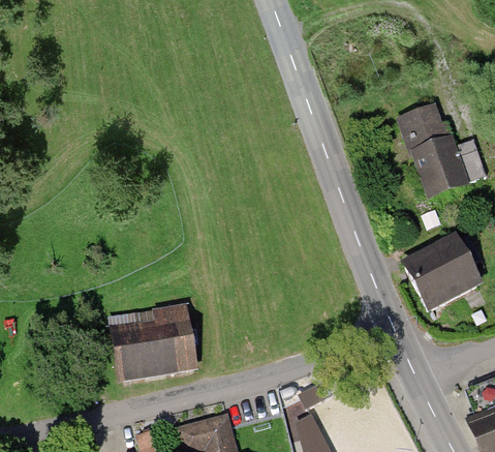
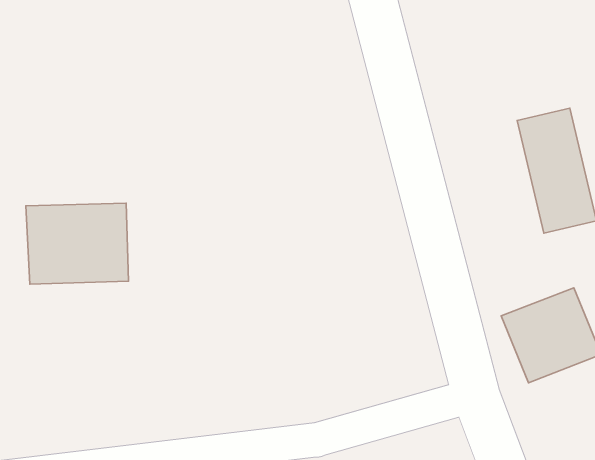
building: [109,309,191,378] -> [26,203,129,284]

